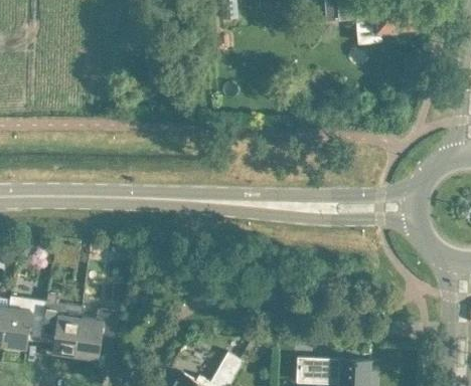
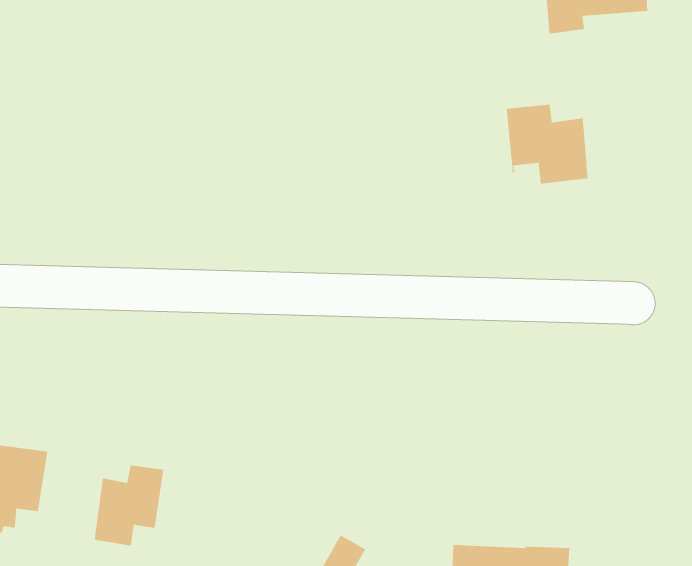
building: none -> [506,104,588,184]
building: [40,304,80,358] -> none

